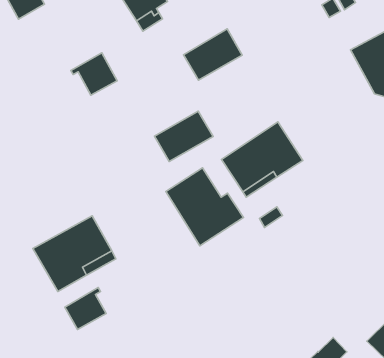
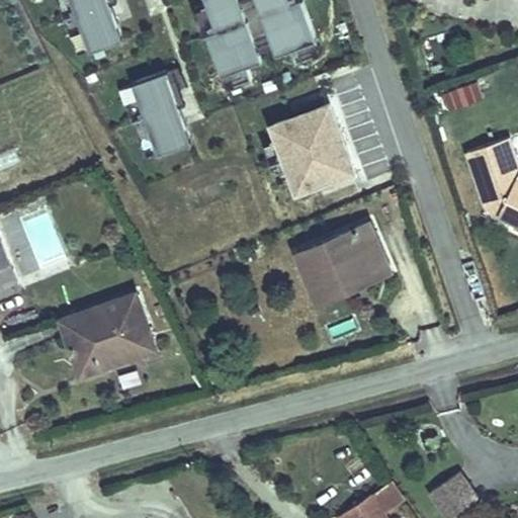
building: none -> [132,72,178,122]
building: [154,111,213,162] -> [284,139,352,191]
building: [166,168,243,246] -> none
building: [65,288,106,330] -> none

